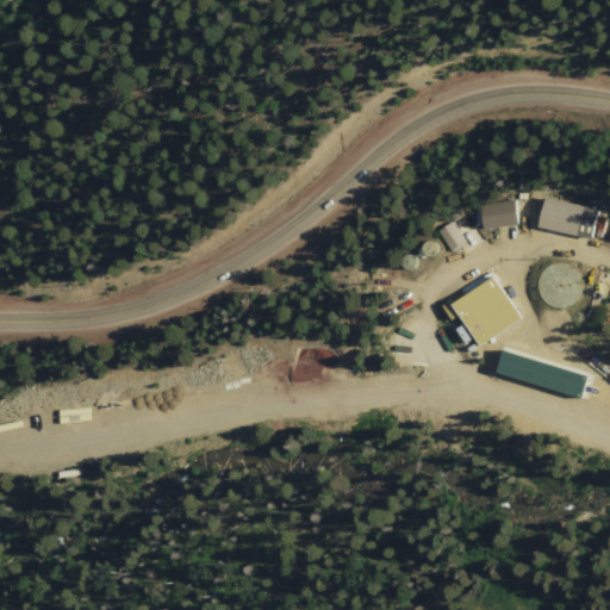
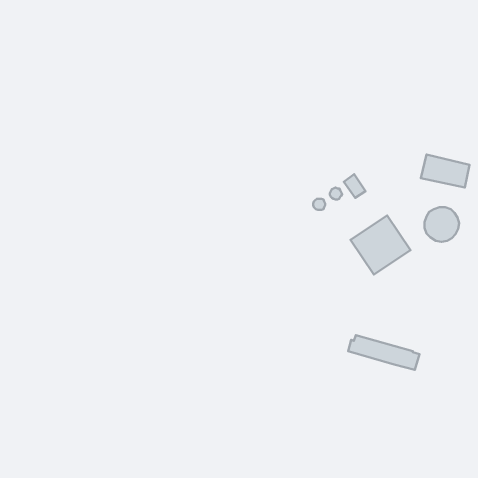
building: [478,200,517,230] -> none
building: [500,350,591,394] -> [348,335,420,370]

